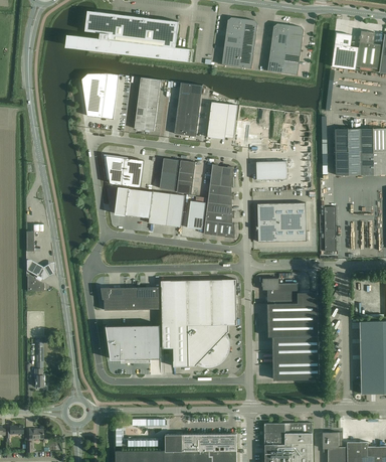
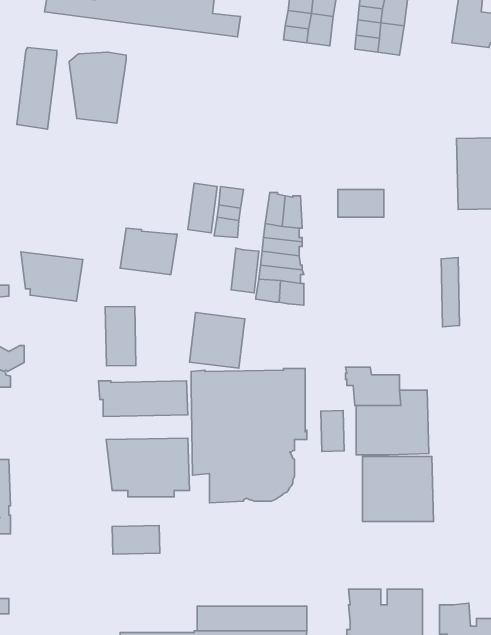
building: [134,78,160,131] -> [17,47,57,129]
building: [174,83,202,137] -> none
building: [207,102,237,139] -> none
building: [104,155,144,187] -> [21,252,83,301]
building: [148,191,184,227] -> [189,313,245,368]
building: [255,202,306,242] -> none
building: none -> [105,306,136,366]
building: none -> [321,410,344,451]
building: none -> [112,526,160,554]

